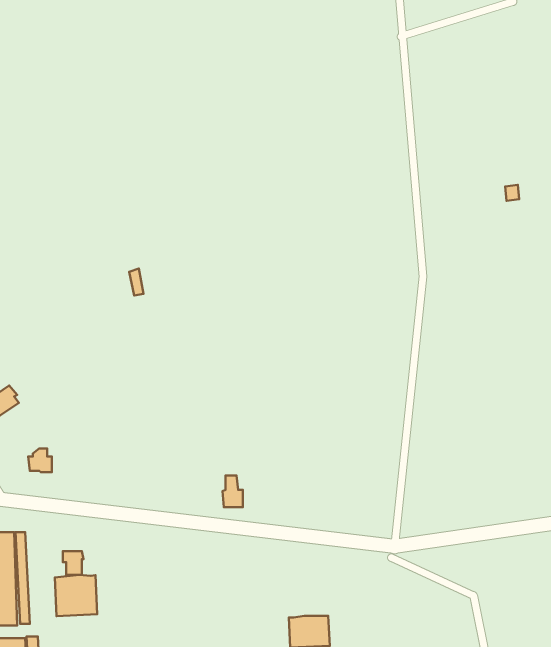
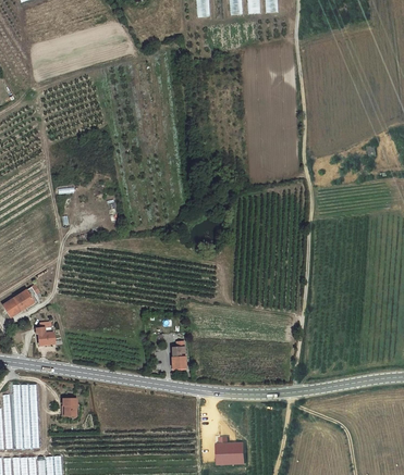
building: [55,575,97,616] -> none

